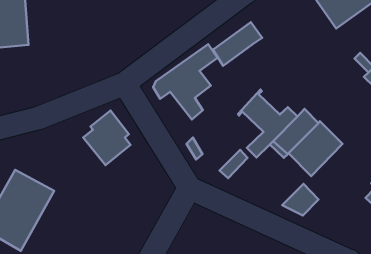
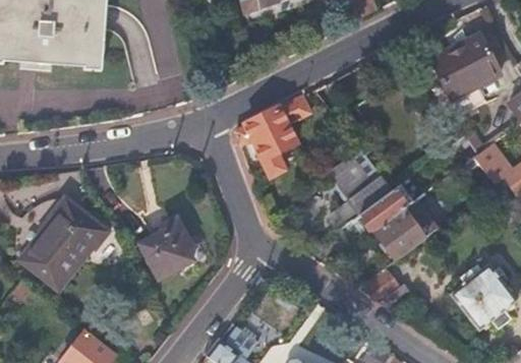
building: [213,22,262,66] -> none
building: [83,111,130,165] -> [140,220,192,280]

